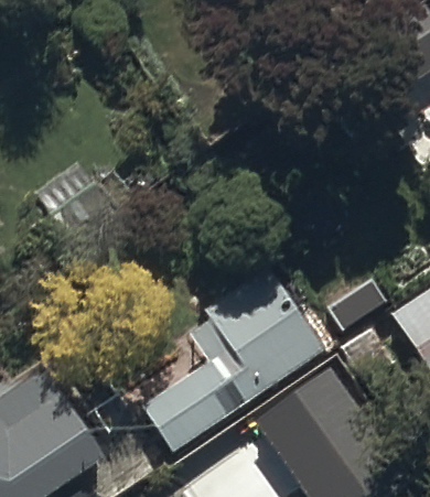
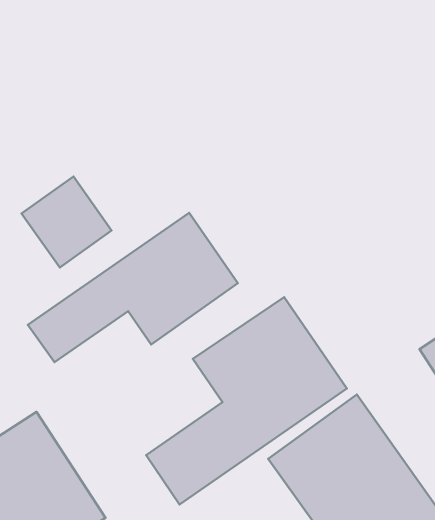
building: none -> [28,213,238,362]

